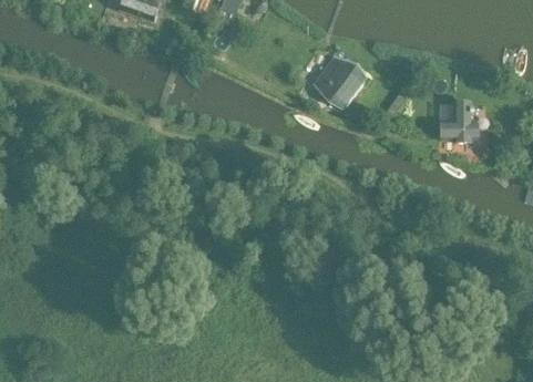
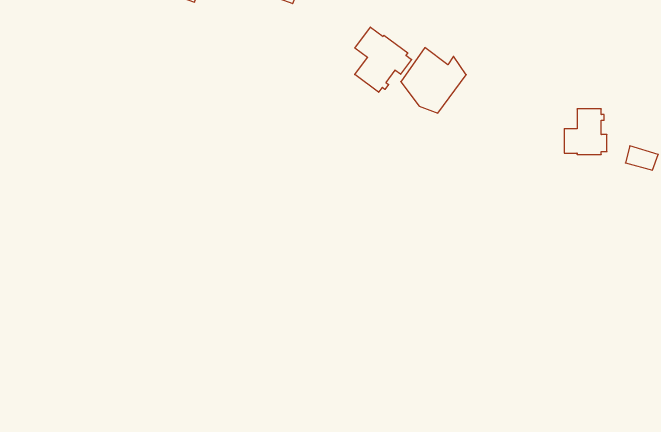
building: none -> [355,27,412,92]

